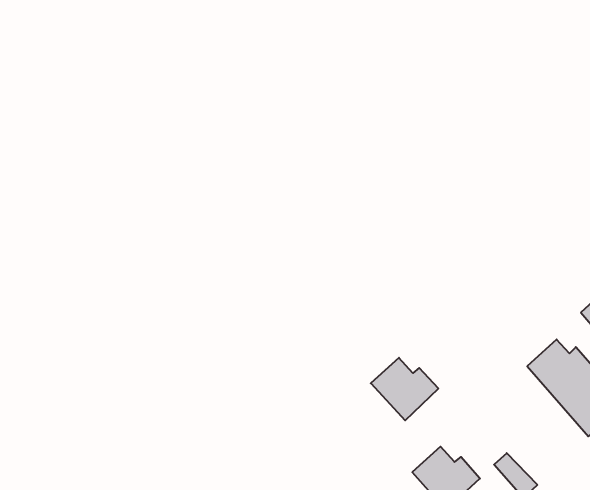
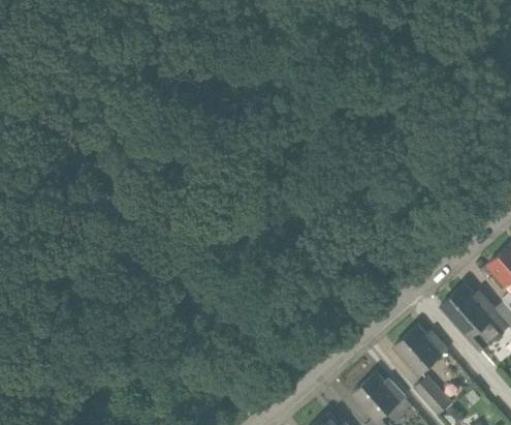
building: [371,358,438,420] -> [393,325,448,375]

